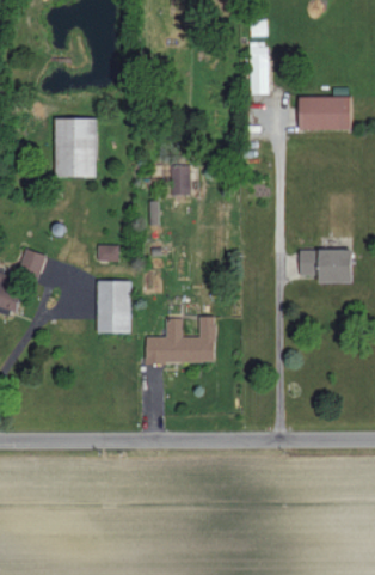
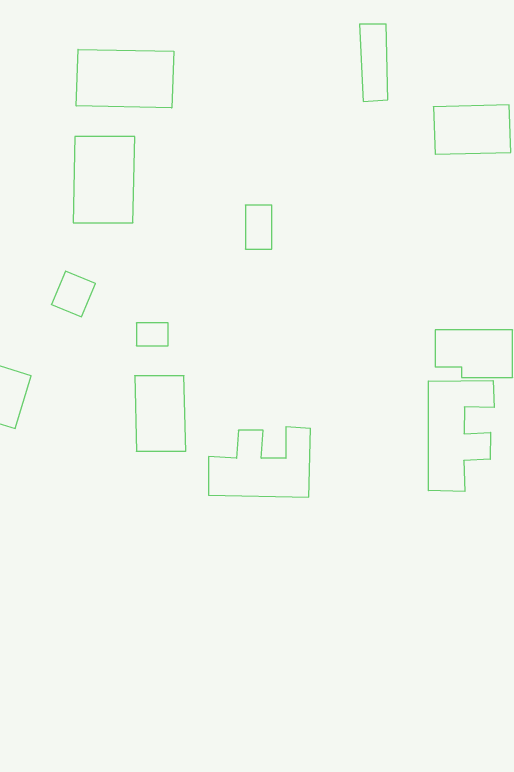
building: none -> [76,49,174,108]
building: [17,247,47,279] -> [51,271,95,317]
building: none -> [428,381,494,491]

